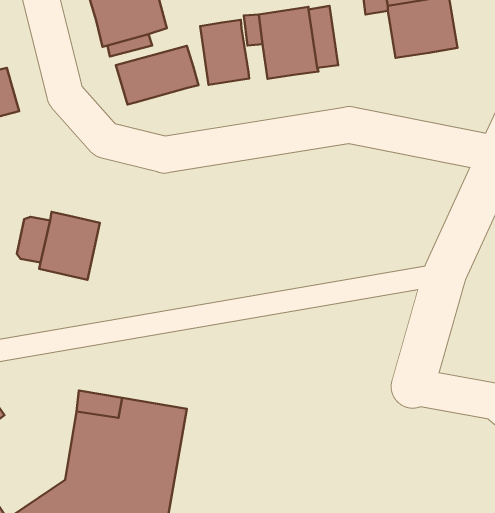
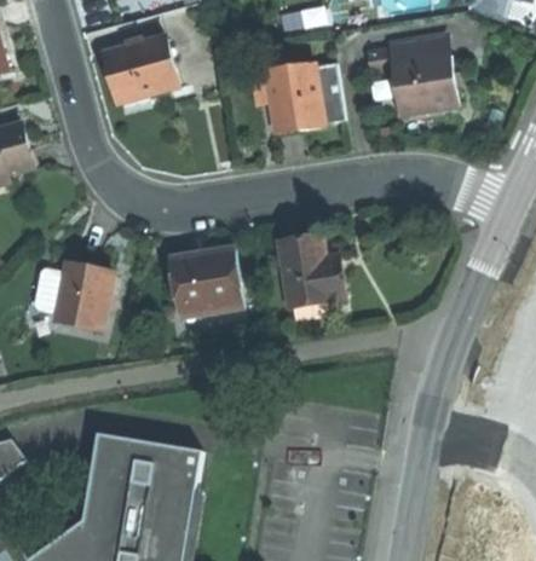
building: [200,20,249,85] -> none
building: [116,46,198,105] -> none
building: none -> [277,233,341,307]
building: none -> [171,249,231,316]

